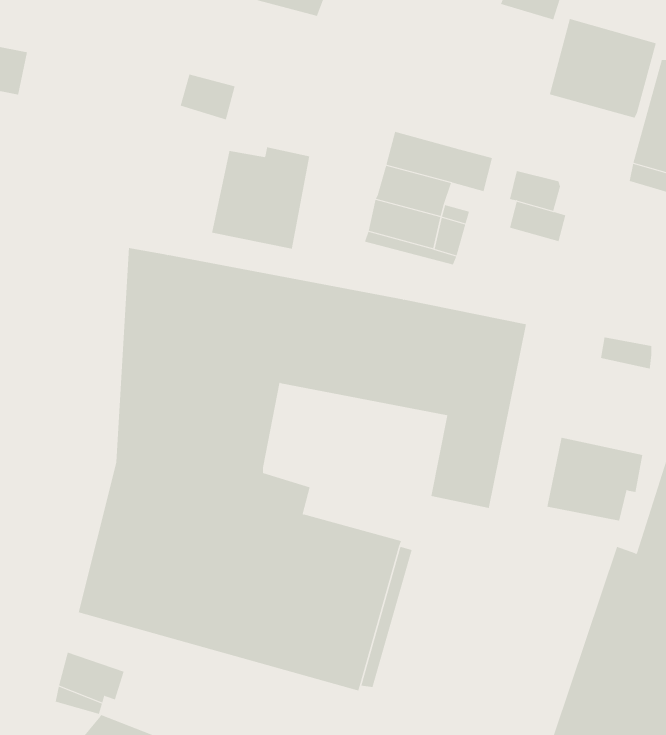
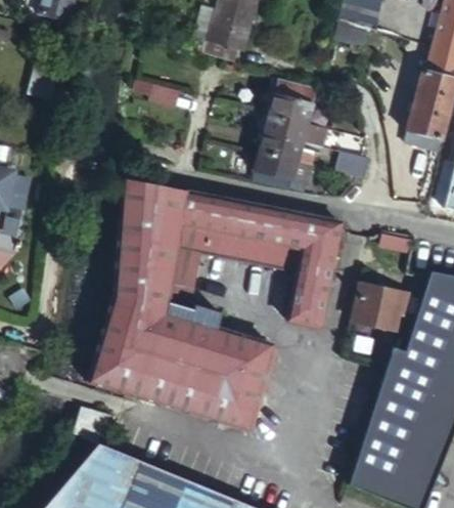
building: [549,18,657,118] -> none
building: none -> [269,82,314,122]
building: [212,146,310,250] -> none

